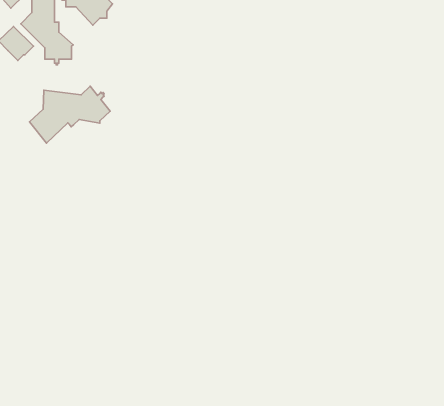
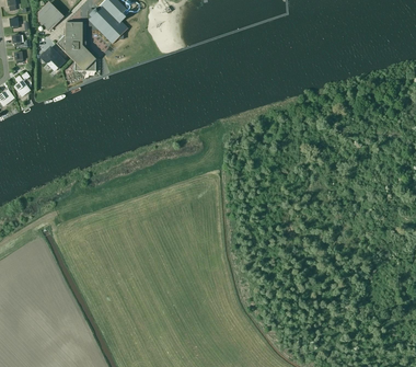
building: [29,86,110,143] -> none

